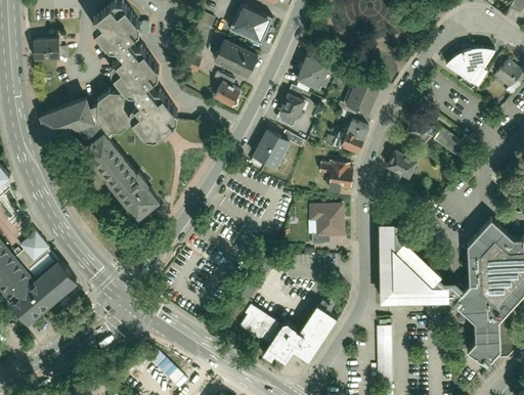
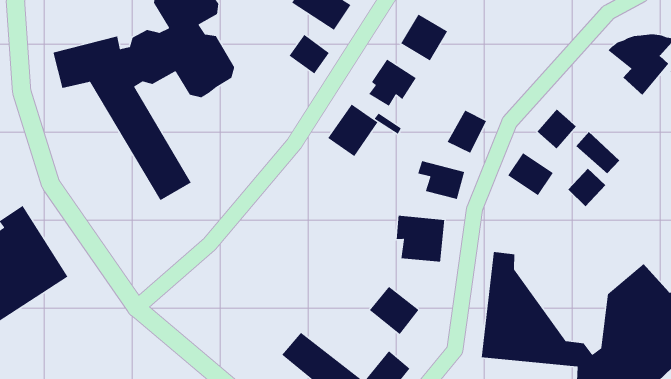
building: [345,79,379,116] -> none
building: none -> [567,168,606,207]
building: none -> [369,286,419,335]

